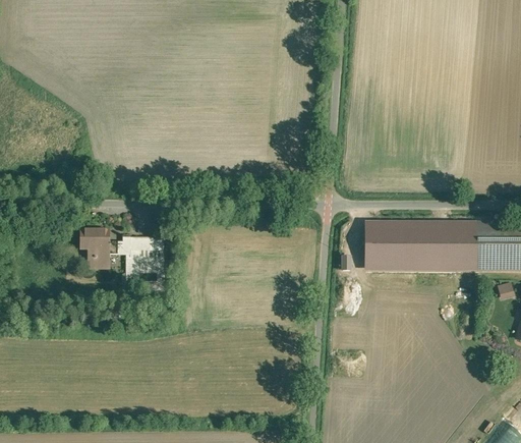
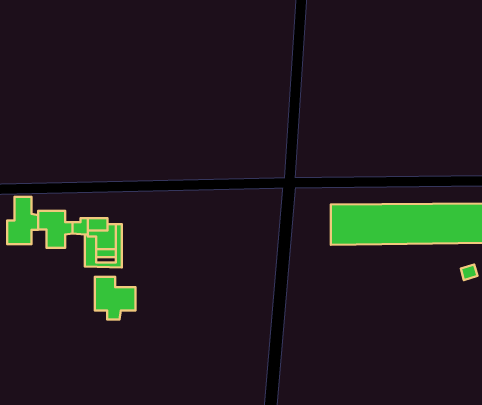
building: none -> [7,197,38,244]
building: none -> [95,277,135,320]

